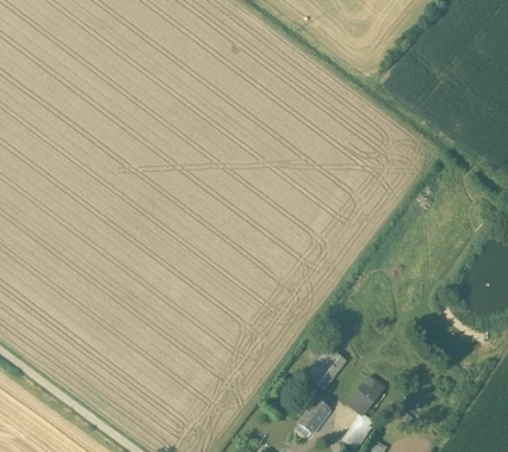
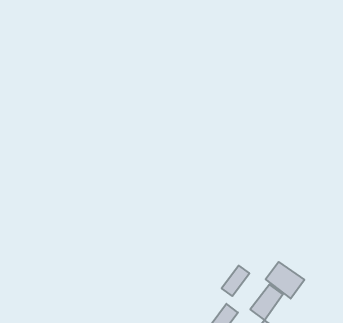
building: none -> [266,262,304,299]

